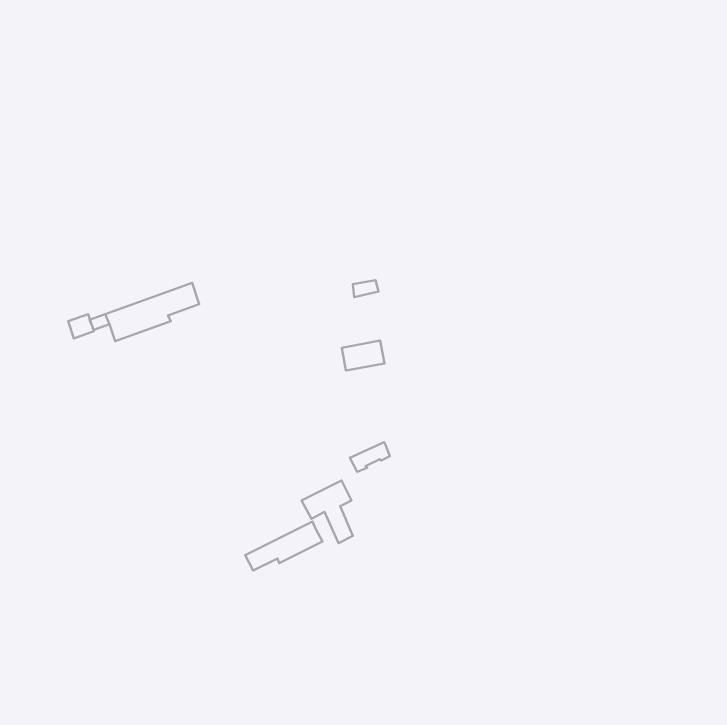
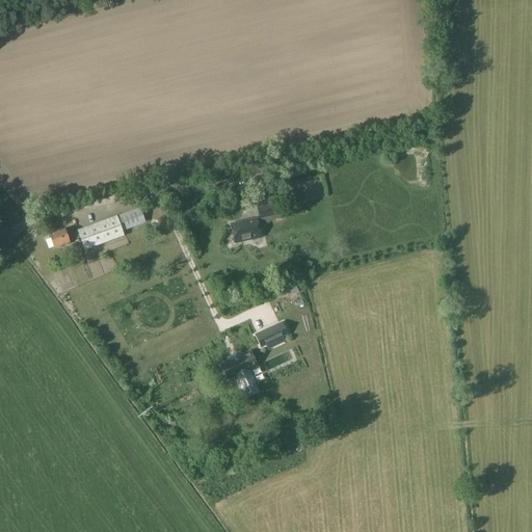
building: [342,341,384,370] -> [231,220,262,242]
building: [245,521,322,571] -> none

